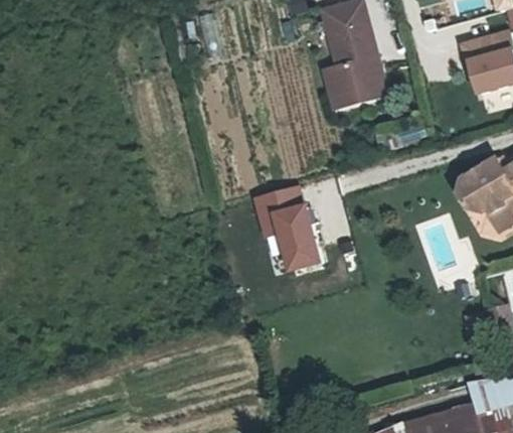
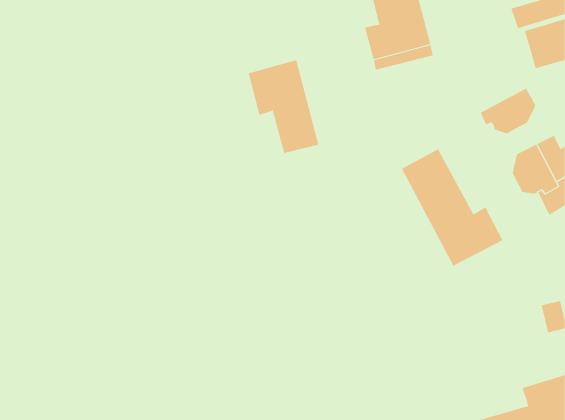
building: none -> [480,88,536,134]
building: none -> [401,149,503,267]
building: [250,184,315,269] -> [248,60,319,154]

